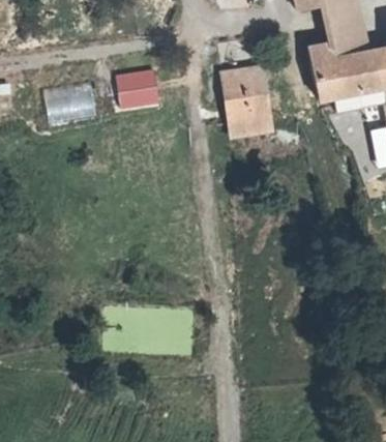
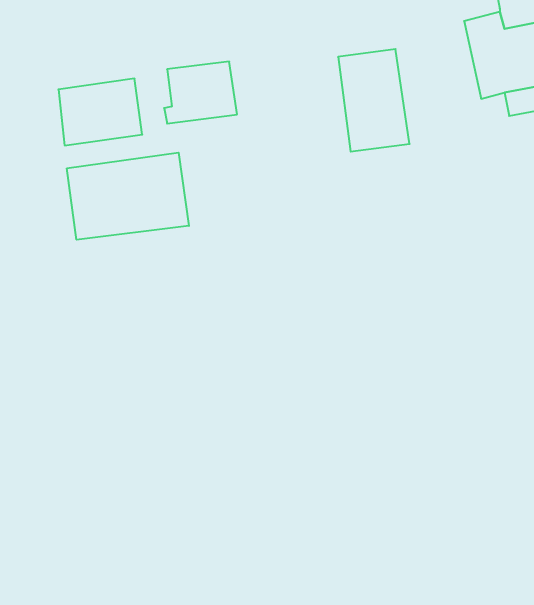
building: none -> [67,153,189,240]

